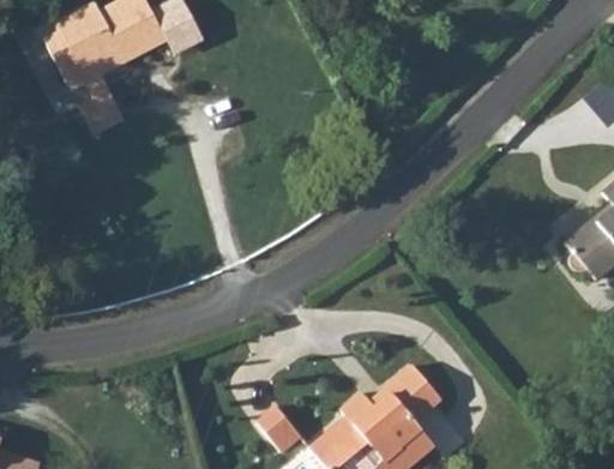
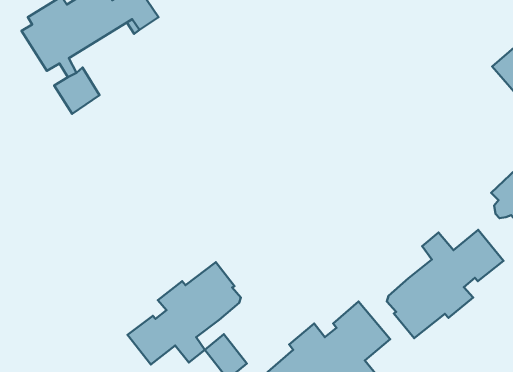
building: none -> [387,230,503,338]
building: none -> [128,262,241,365]

